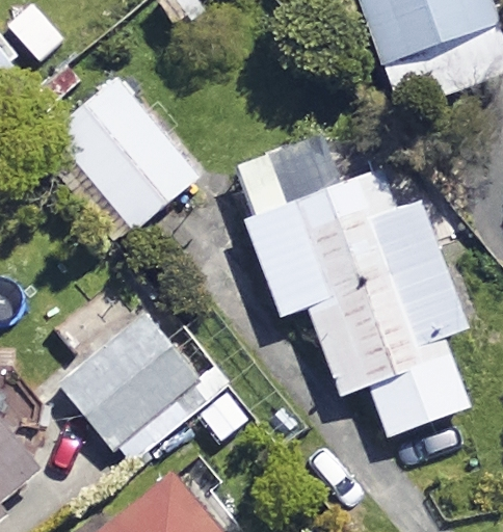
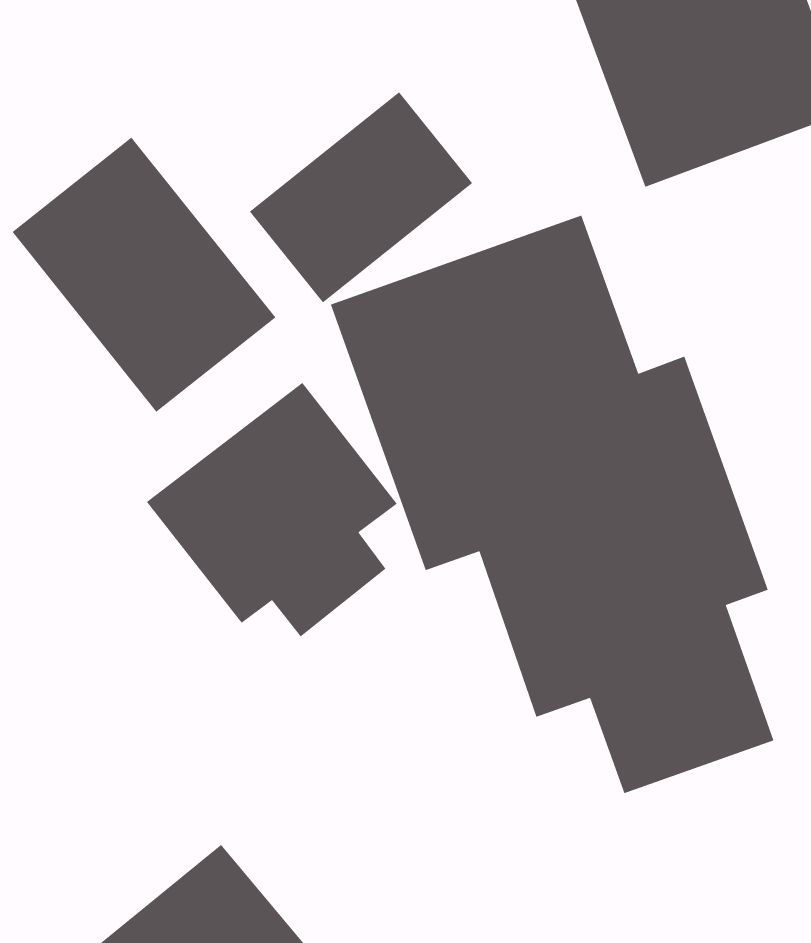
building: none -> [249,91,473,303]
building: [59,315,196,454] -> [146,382,398,637]

